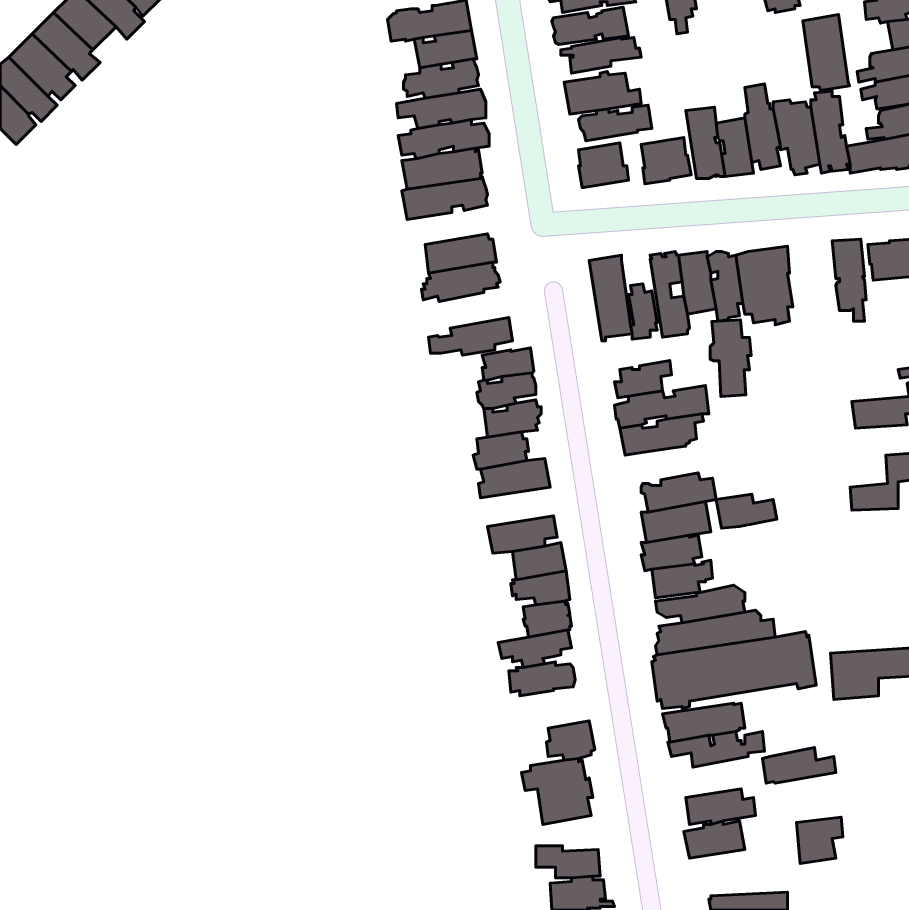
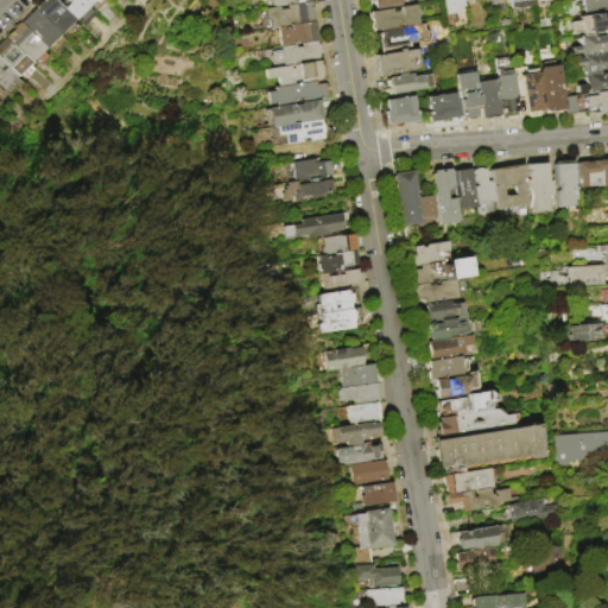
building: [803,14,850,90] -> none
building: [710,320,751,396] -> [528,162,556,213]
building: [716,494,777,528] -> [426,298,467,321]
building: none -> [354,458,392,483]

